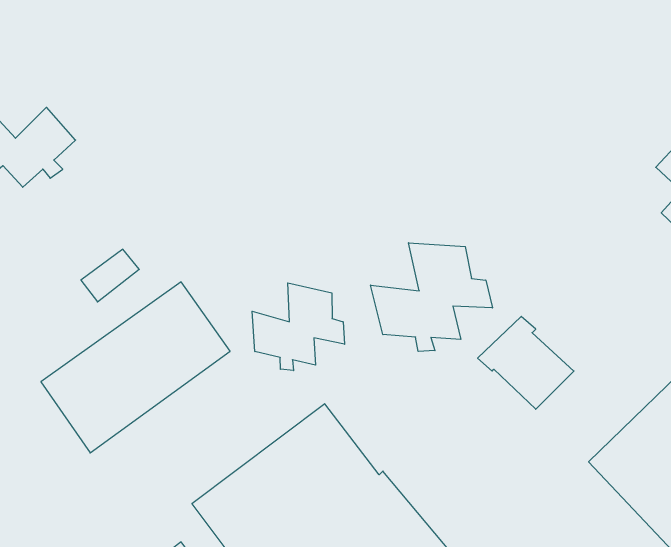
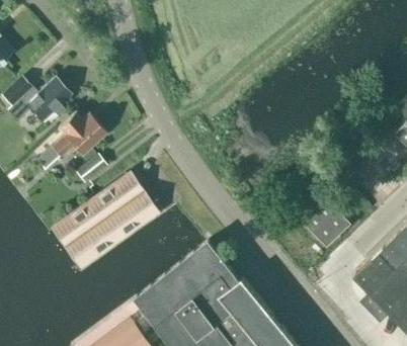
building: none -> [35,113,105,171]
building: [371,243,492,351] -> none
building: [252,283,345,371] -> none

